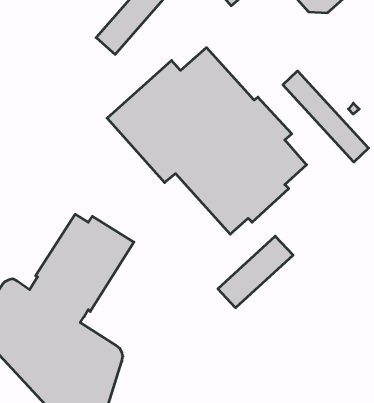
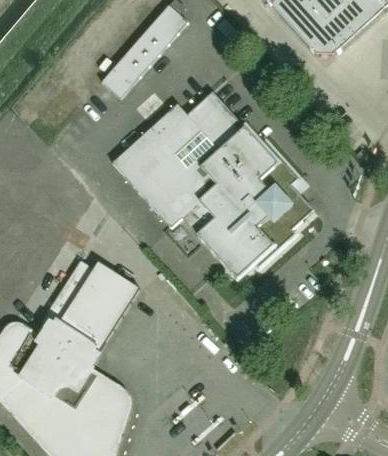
building: [283,71,369,162] -> none
building: [218,236,293,308] -> none

